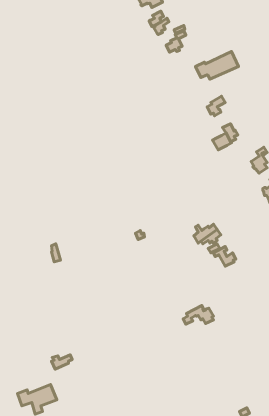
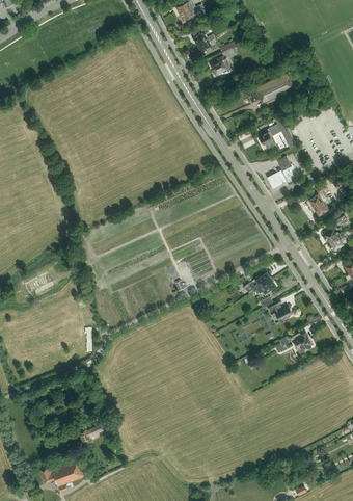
building: [183,306,213,324] -> [276,331,311,352]

